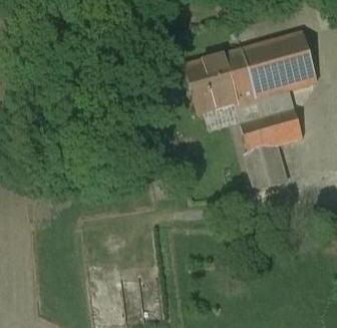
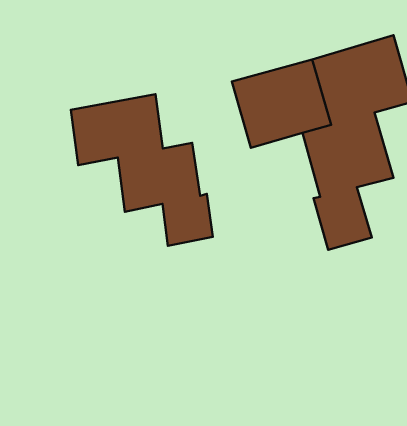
building: none -> [71,94,213,246]

